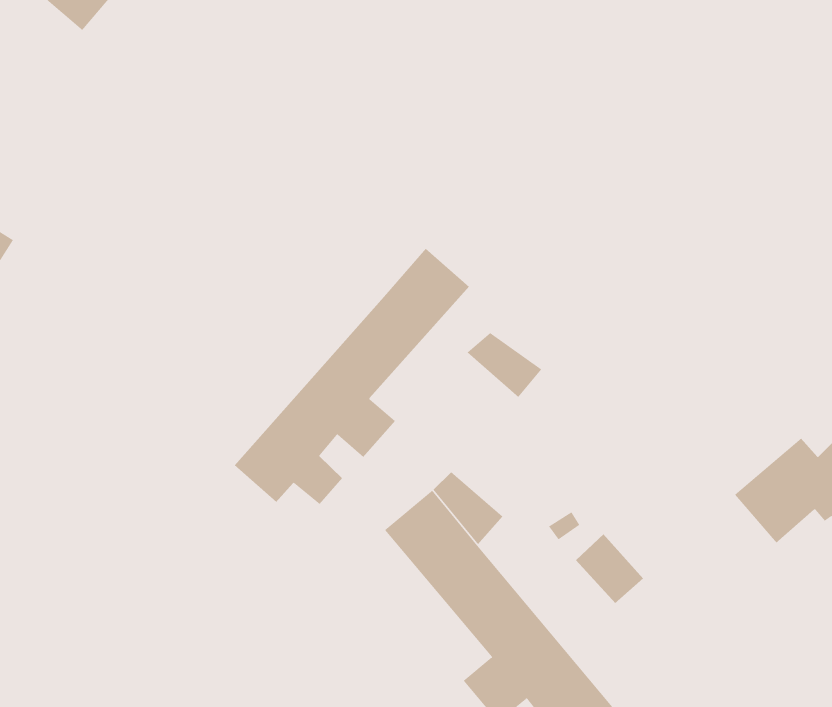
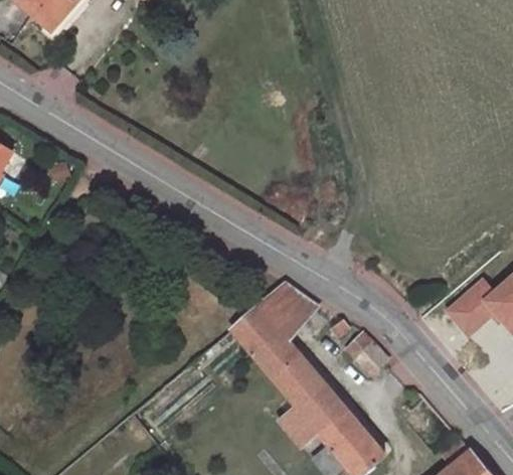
building: [234,248,470,505] -> none
building: [467,333,542,398] -> [273,283,318,322]

